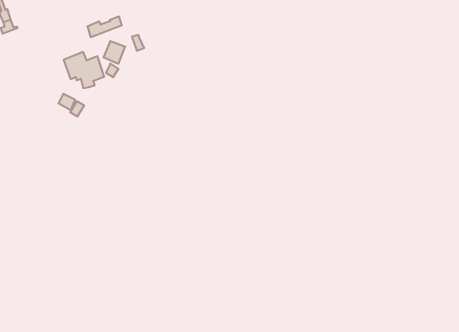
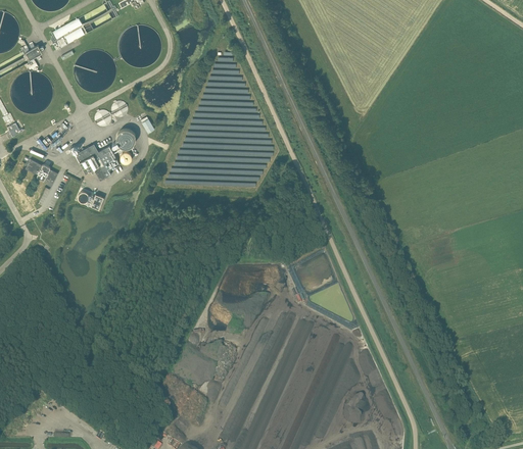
building: none -> [25,158,57,182]

